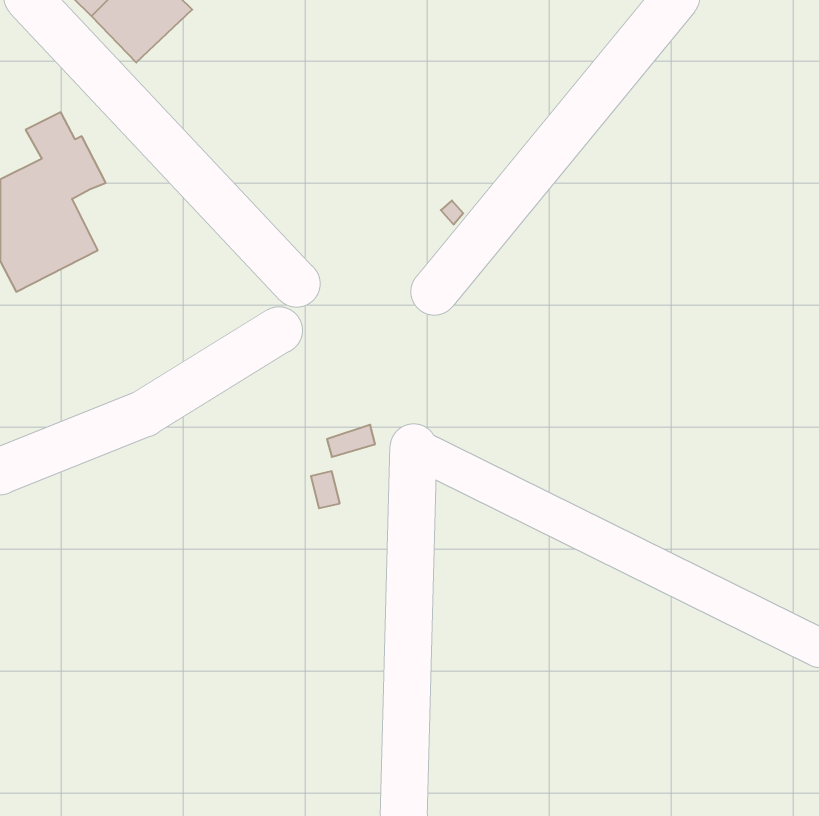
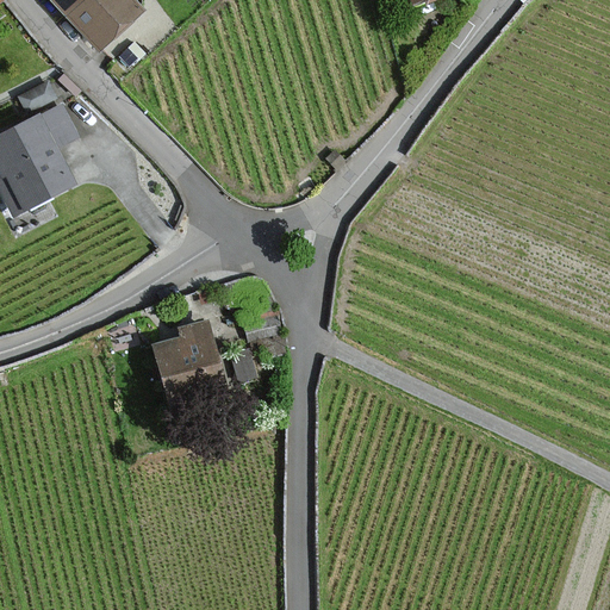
building: none -> [152,322,225,415]

